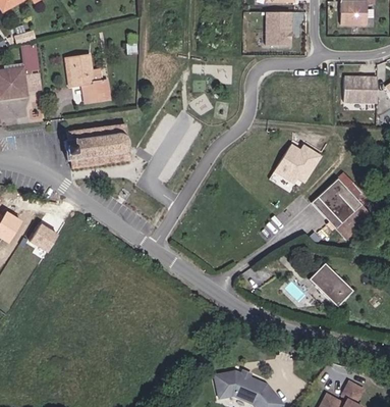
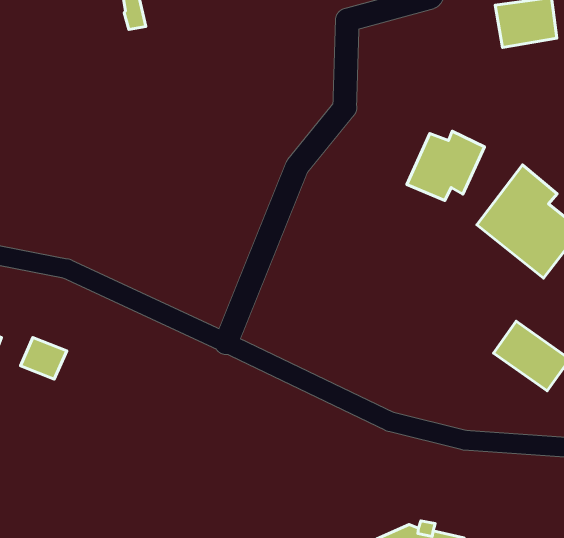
building: [68,55,109,104] -> none
building: [64,124,130,168] -> none

